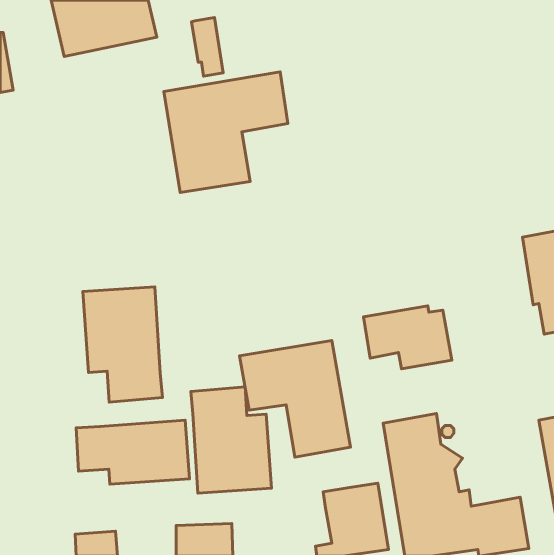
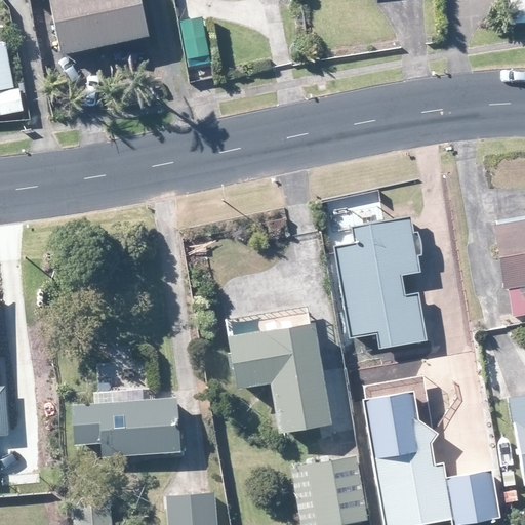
building: [164,72,288,193] -> none
building: none -> [335,217,422,299]
building: [83,287,162,402] -> none
building: [191,387,271,493] -> none

